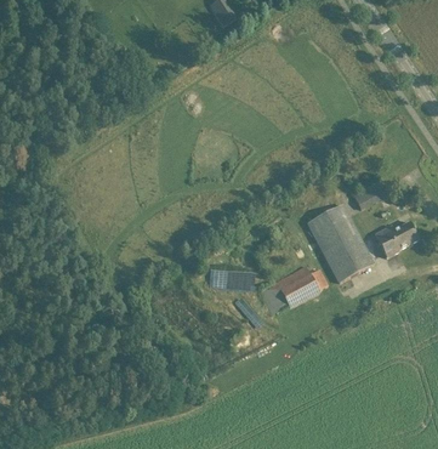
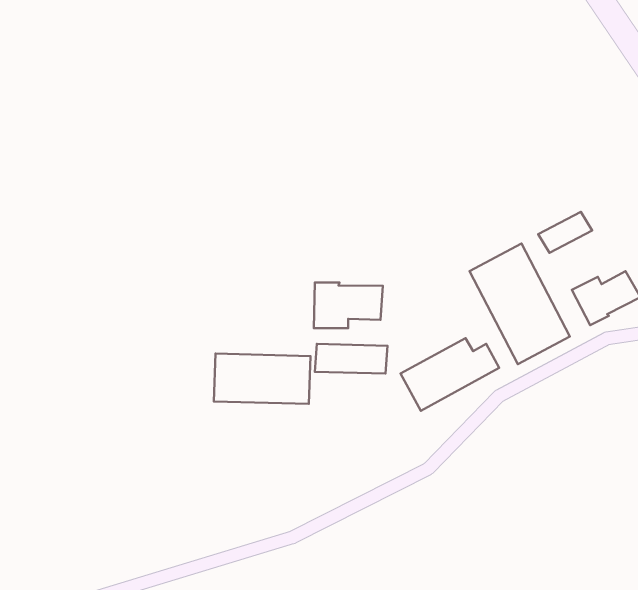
building: none -> [314,282,383,328]
building: none -> [214,354,311,404]

